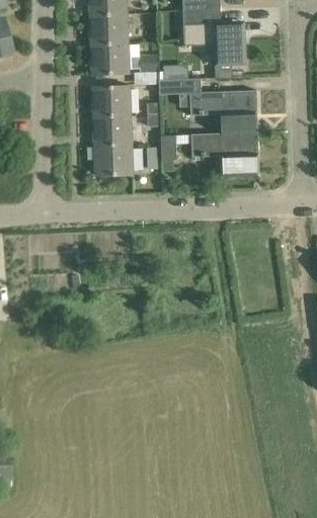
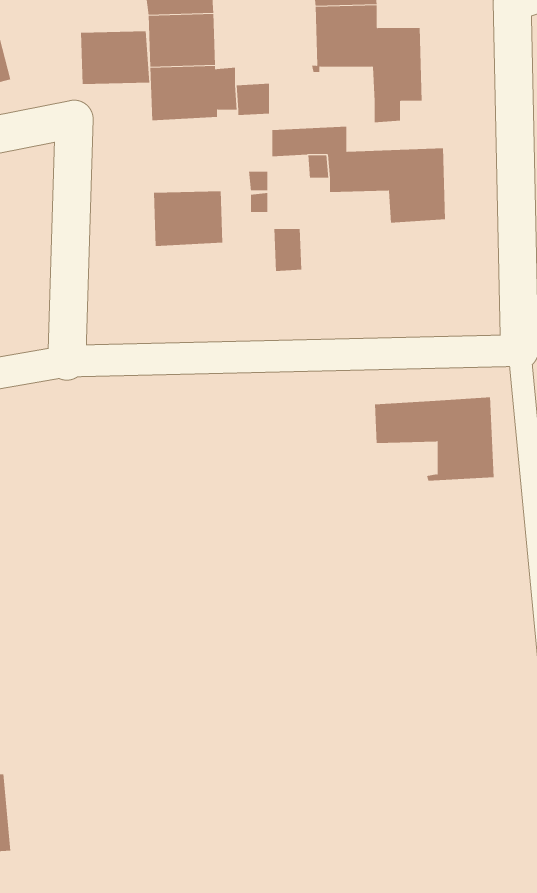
building: [92,85,132,115] -> [80,31,150,85]
building: [192,131,260,178] -> [374,397,494,481]
building: [94,144,134,175] -> none

